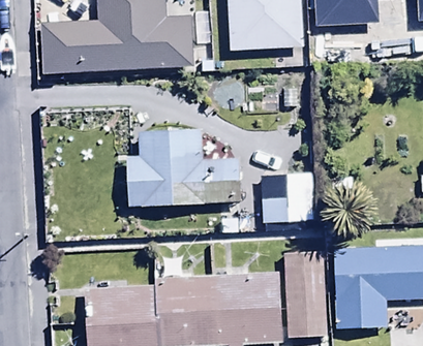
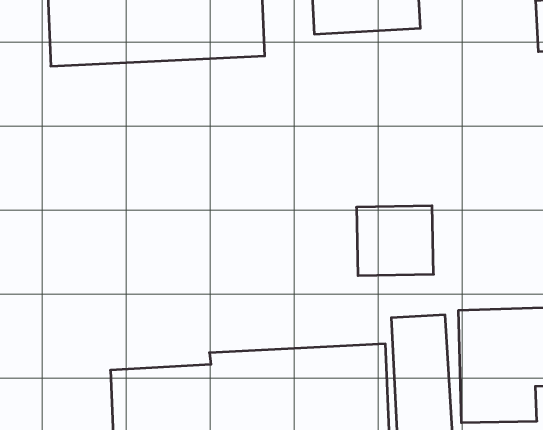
building: [126,128,242,207] -> none

